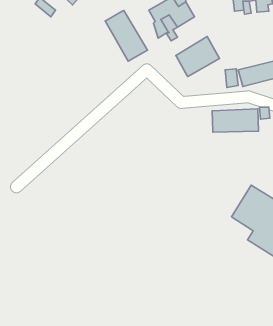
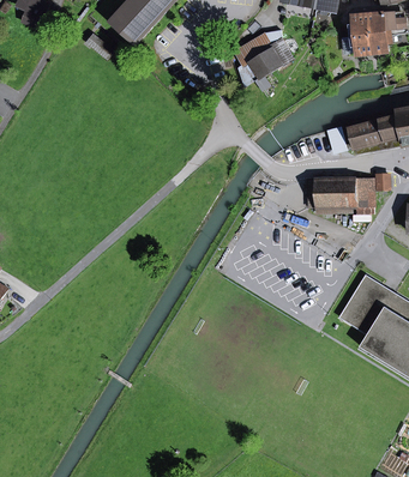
building: [105,10,147,61] -> none
building: [176,37,220,77] -> none

